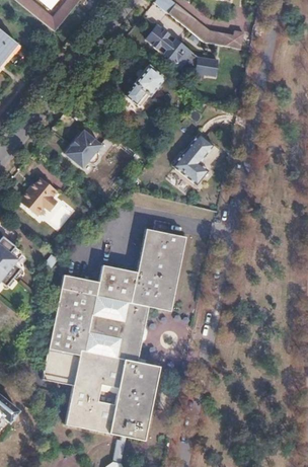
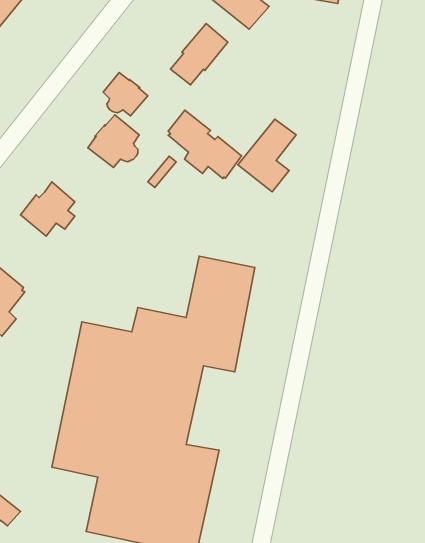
building: [195,55,219,76] -> none
building: none -> [103,73,148,116]
building: none -> [168,110,242,178]

